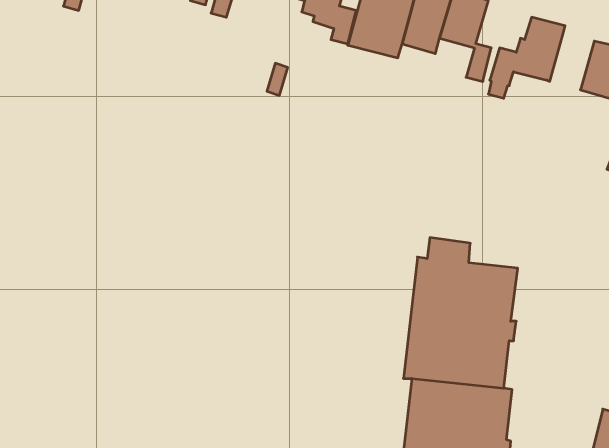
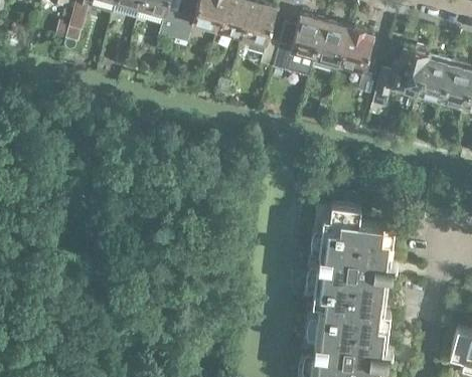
building: none -> [416,55,448,98]

